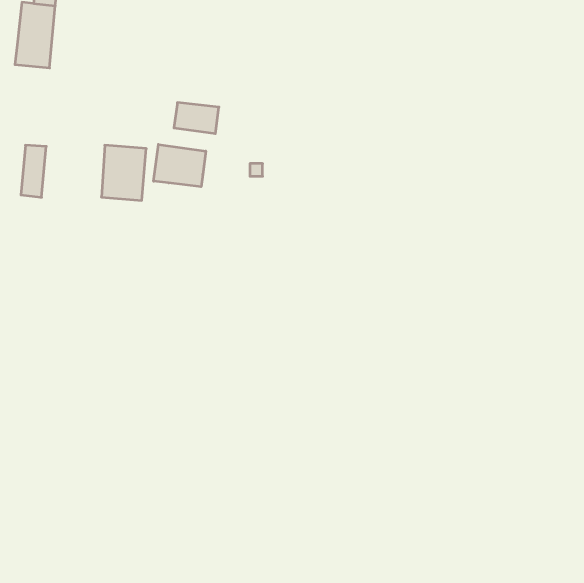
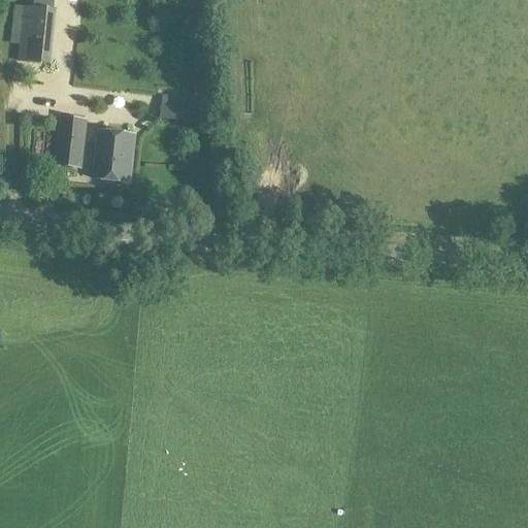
building: [154,144,206,187] -> none
building: [21,145,46,197] -> [58,118,80,164]

